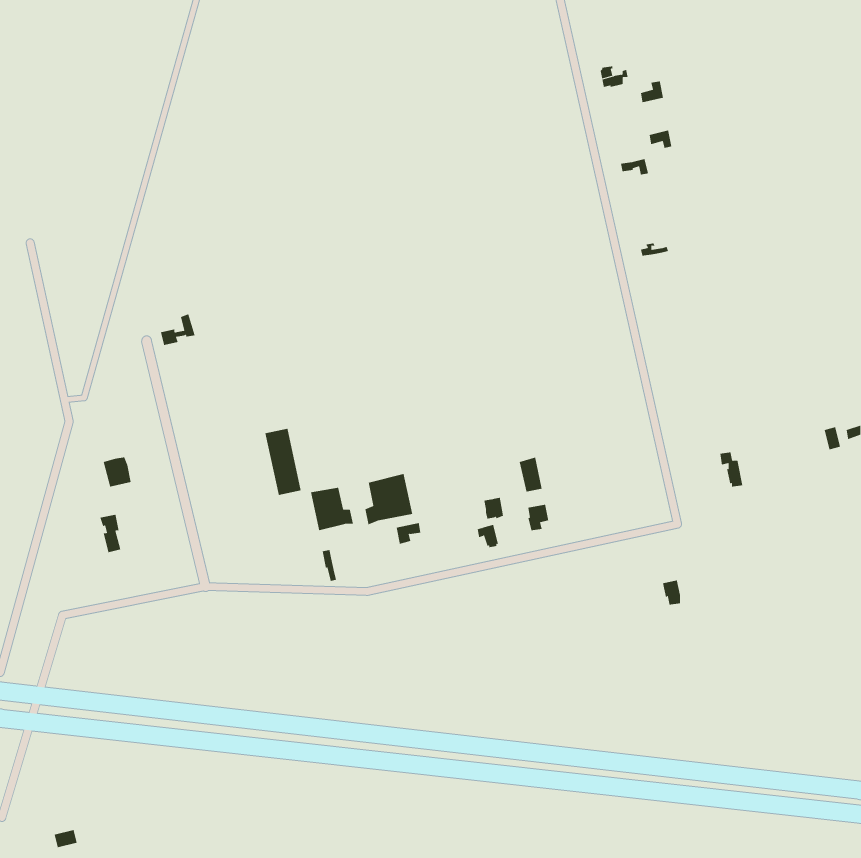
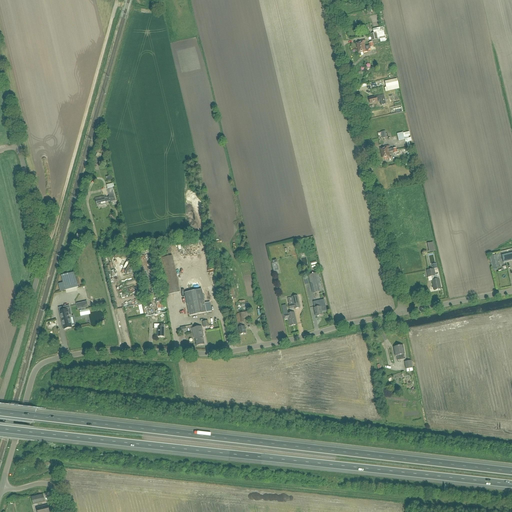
building: [365,473,413,525] -> none

